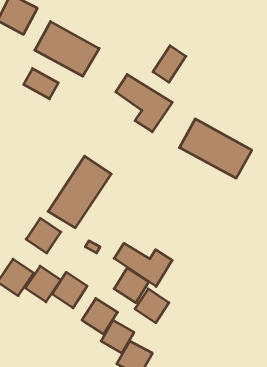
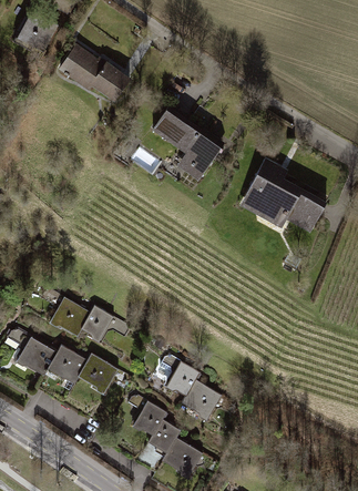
building: [153,46,186,82] -> none
building: [24,68,58,99] -> none
building: [48,156,111,228] -> none
building: none -> [74,303,116,345]
building: [114,243,172,287] -> none

